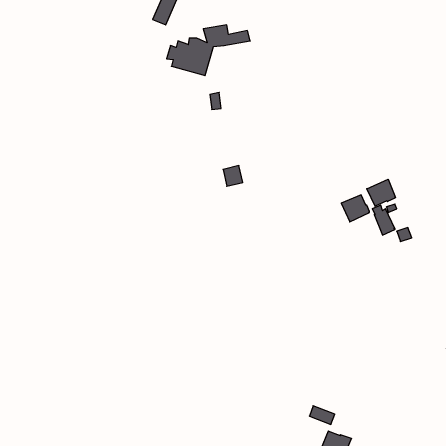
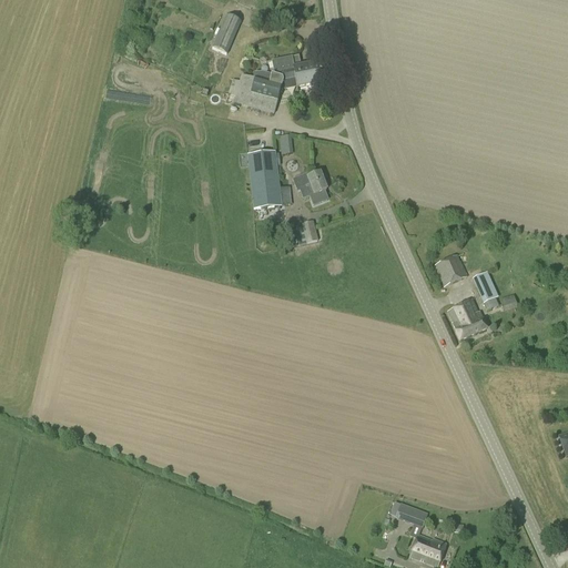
building: none -> [247,150,283,207]
building: none -> [293,171,327,197]
building: [367,179,396,206] -> none
building: none -> [448,298,487,339]

